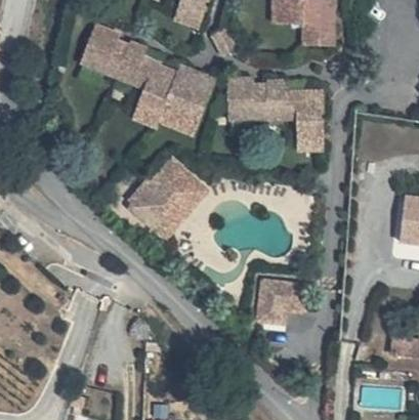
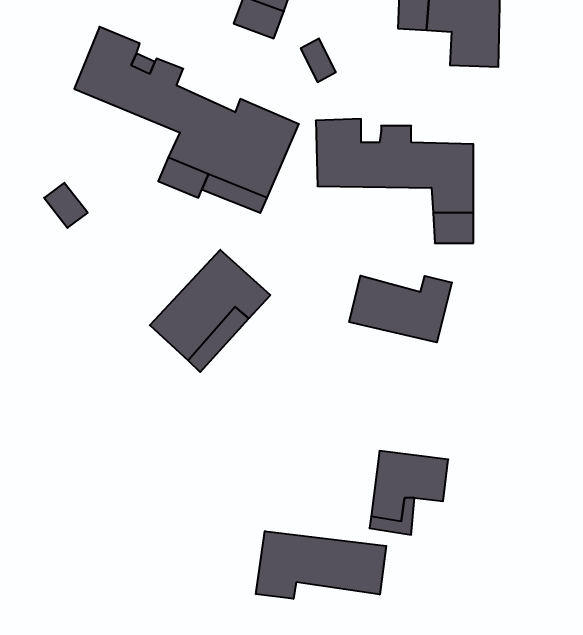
building: none -> [349,276,452,342]
building: none -> [256,531,386,599]

